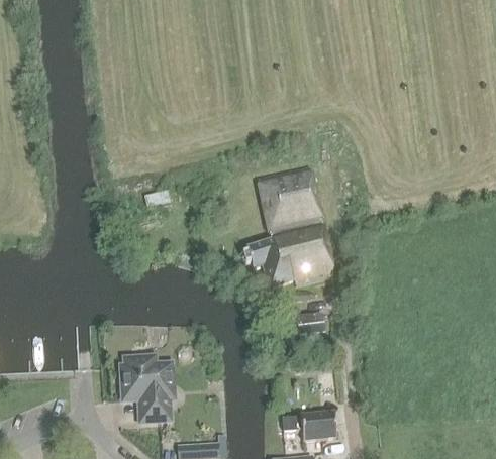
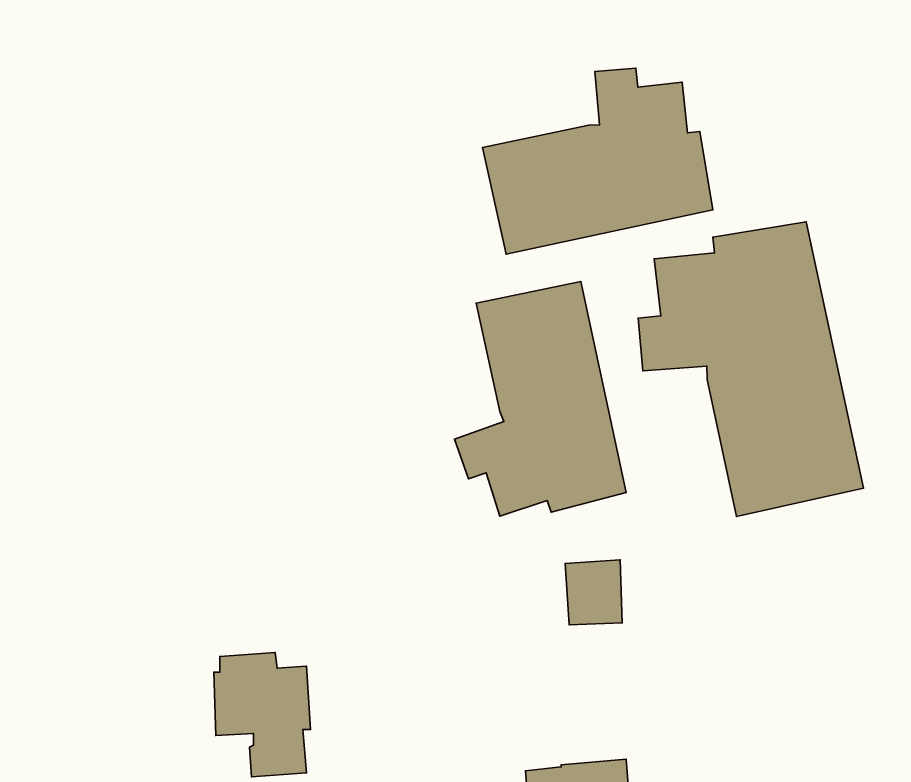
building: none -> [483,68,713,254]
building: none -> [638,222,863,517]

